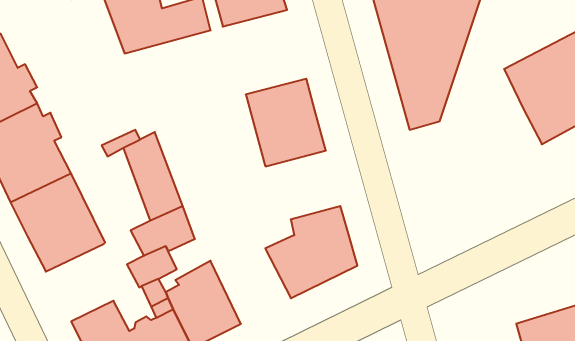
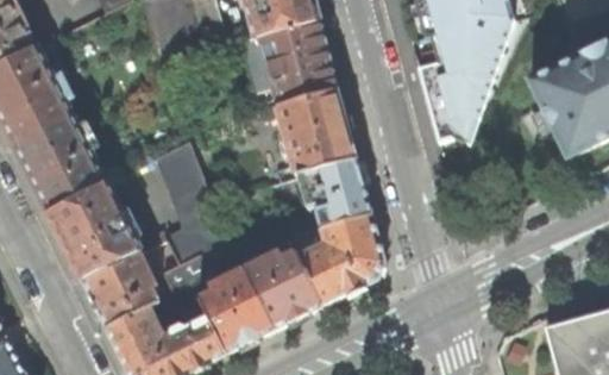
building: none -> [259,19,338,102]
building: none -> [299,157,371,225]
building: none -> [82,249,159,325]
building: none -> [244,249,322,327]

